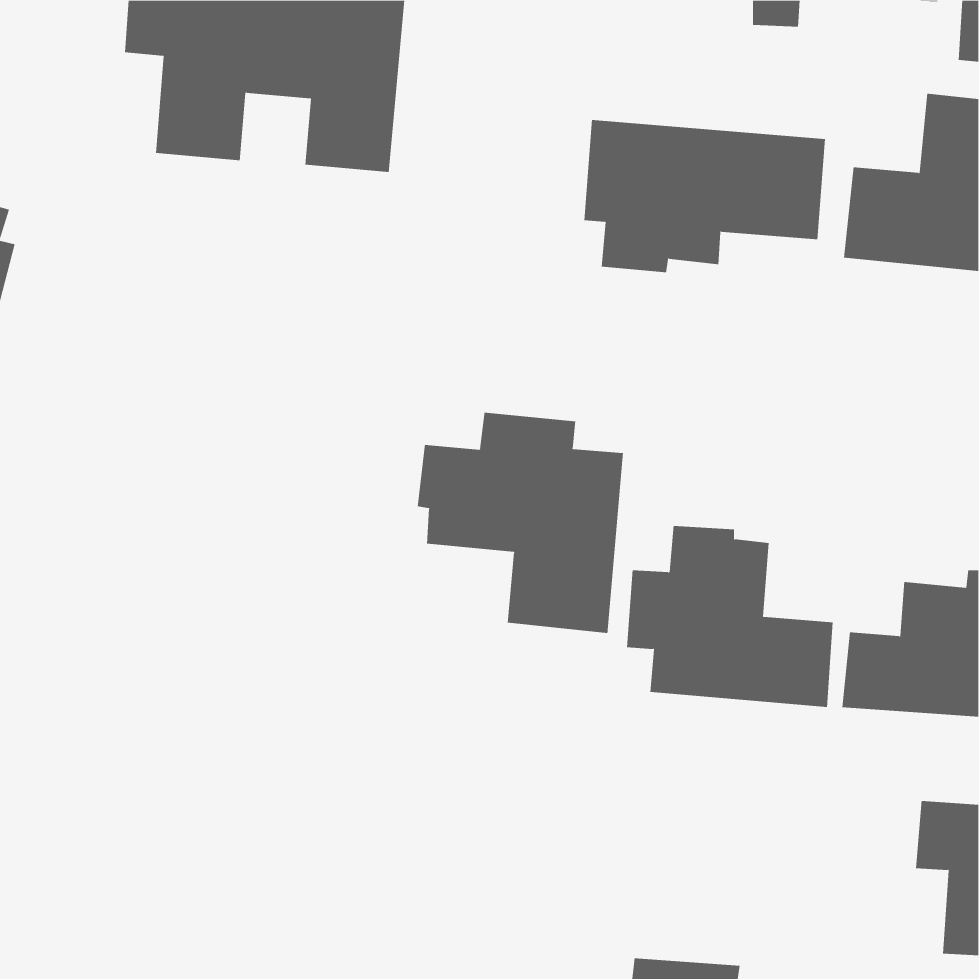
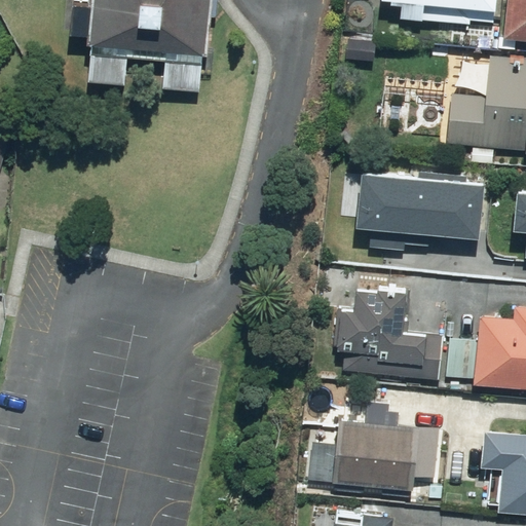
building: [583,120,826,273] -> [360,168,488,250]
building: [417,412,624,634] -> none
building: none -> [309,418,438,490]

